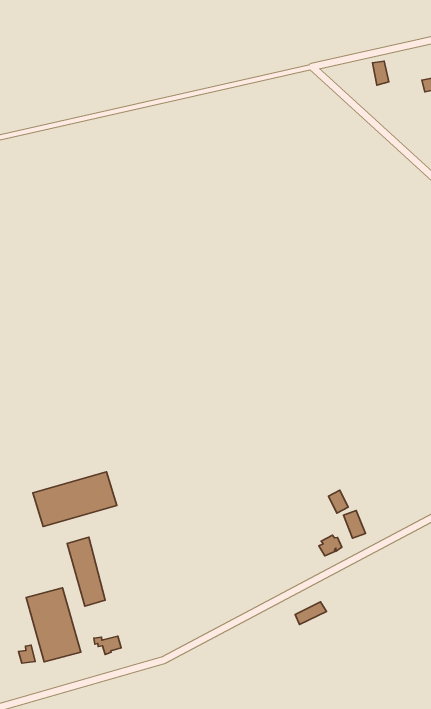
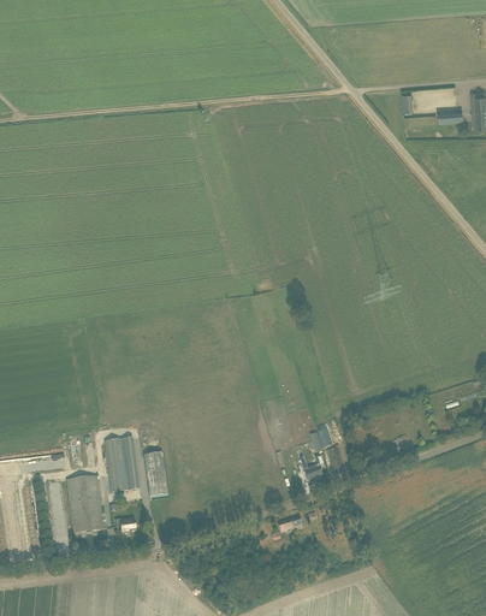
building: [33,472,117,527] -> none

